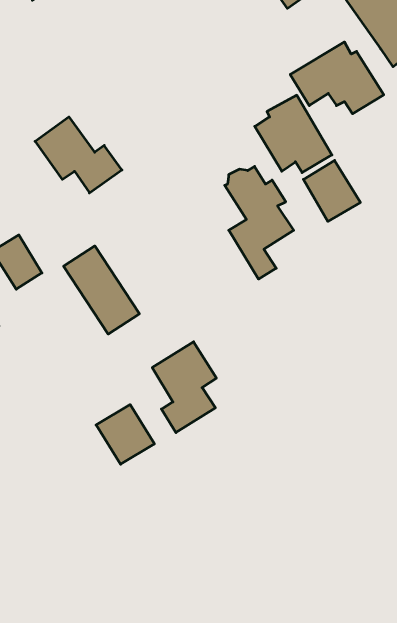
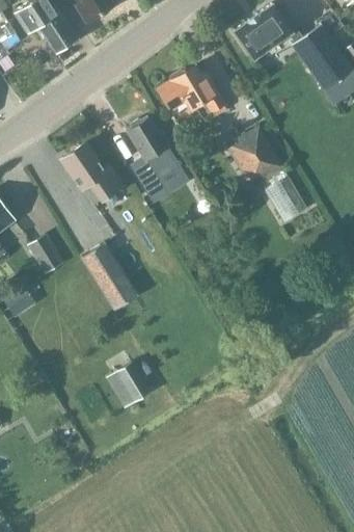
building: [290,42,384,114] -> [156,63,227,118]
building: [225,166,294,279] -> [127,117,180,204]
building: [152,342,216,433] -> none

